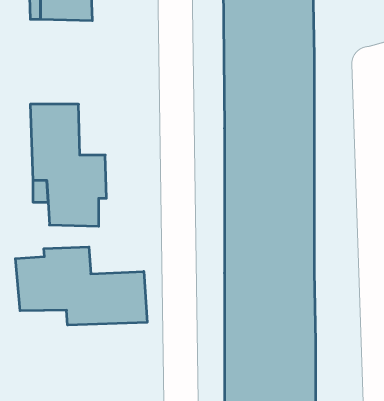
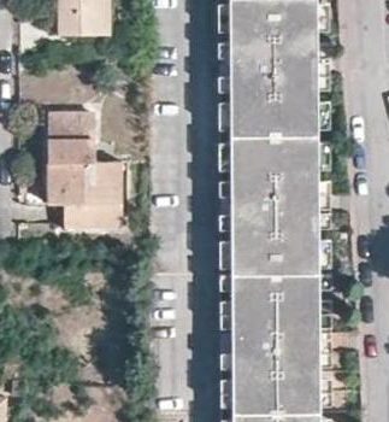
building: [15,247,147,325] -> none

